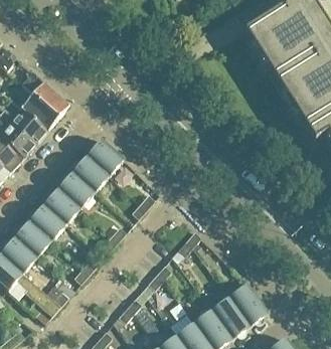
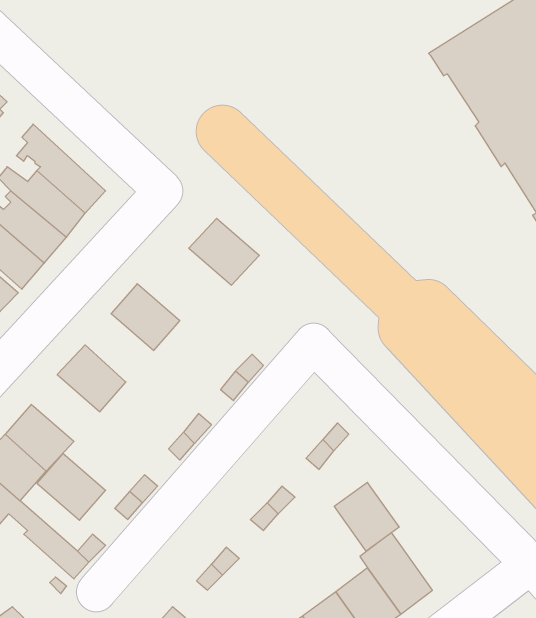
building: [87,139,125,175] -> [189,218,259,285]
building: [58,171,96,208] -> none
building: [29,204,66,240] -> [37,453,106,520]
building: [229,284,265,321] -> [334,482,399,551]

